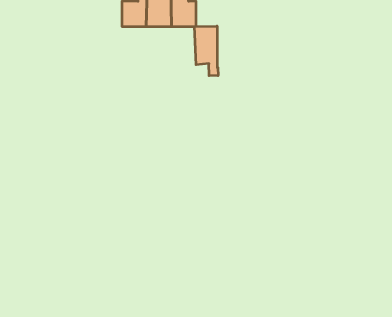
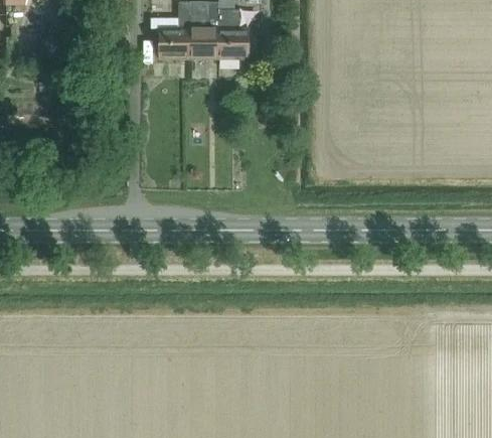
building: [194,26,218,76] -> none

